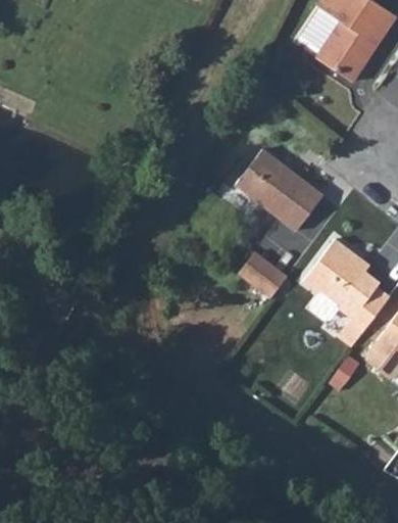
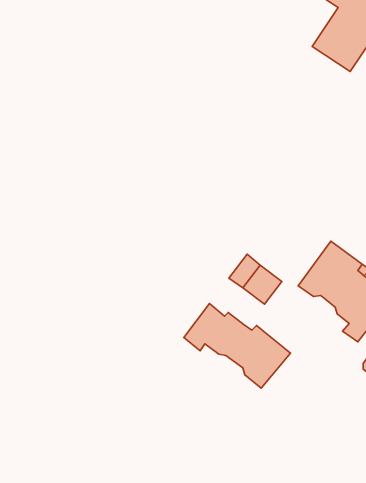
building: [235,147,324,230] -> none
building: none -> [184,304,291,388]

